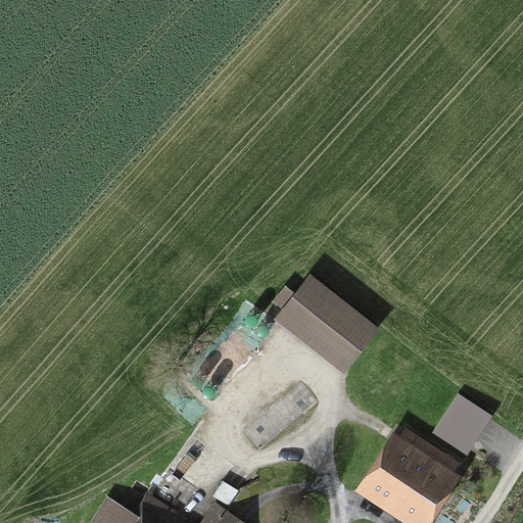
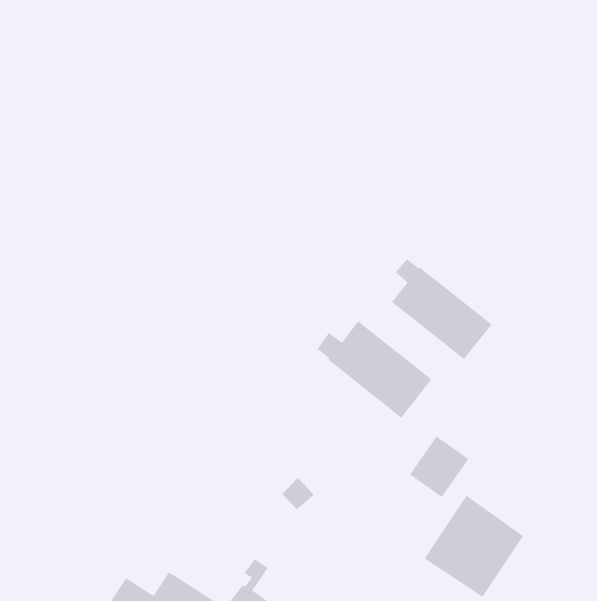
building: none -> [391,258,493,360]
building: [433,400,485,455] -> [409,435,469,498]

